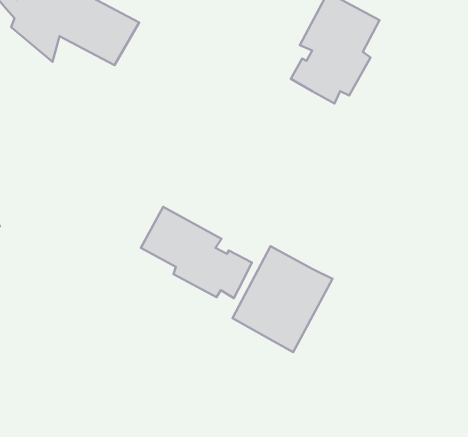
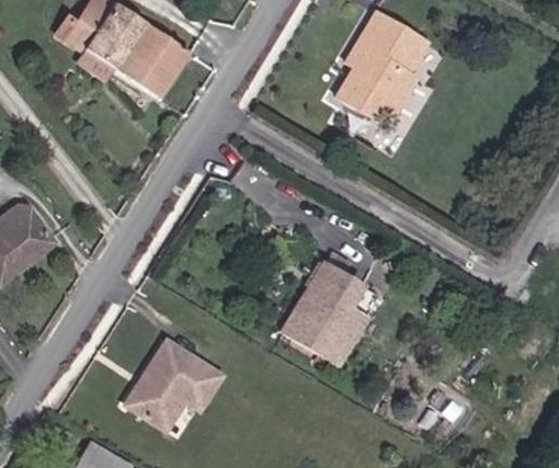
building: [141,207,252,298] -> none
building: none -> [128,339,221,435]

